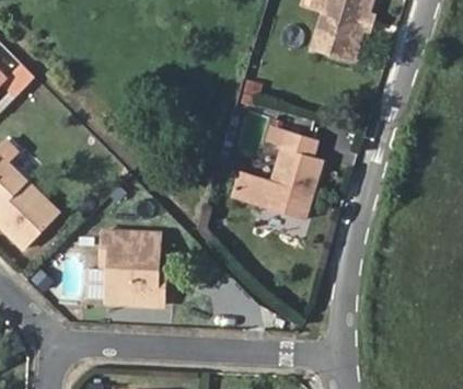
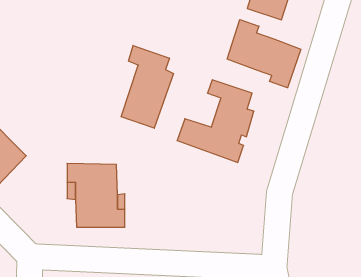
building: none -> [227,20,301,88]
building: none -> [121,45,174,128]

